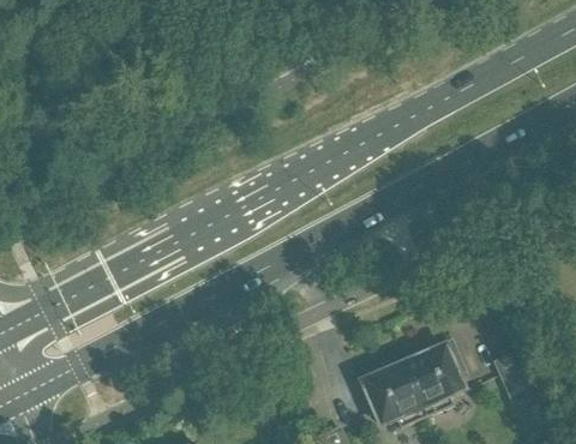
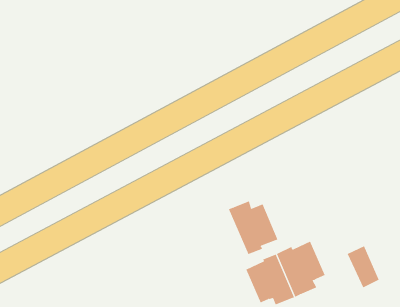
building: none -> [228,201,278,255]

